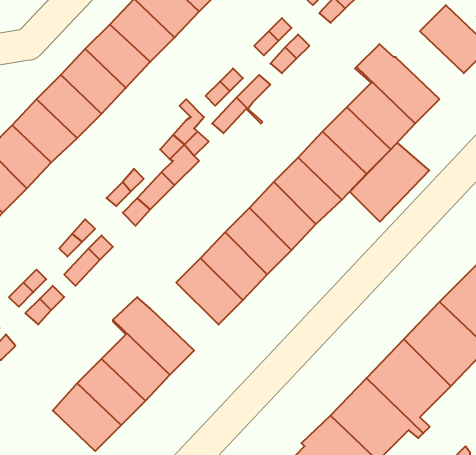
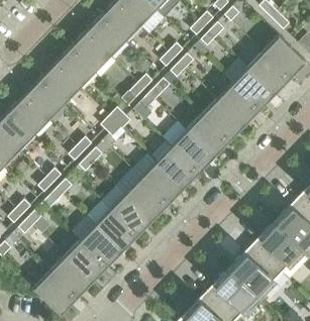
building: none -> [246,52,289,95]
building: [350,143,429,222] -> none
building: none -> [94,209,136,251]

